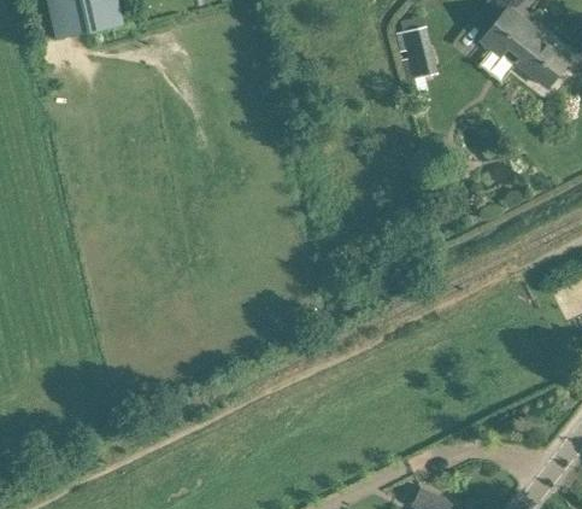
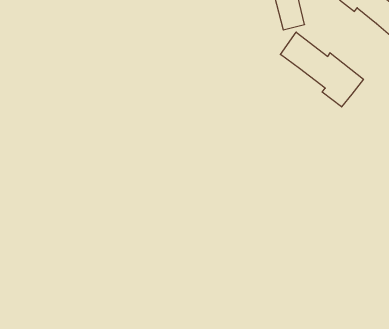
building: none -> [280,32,363,107]

